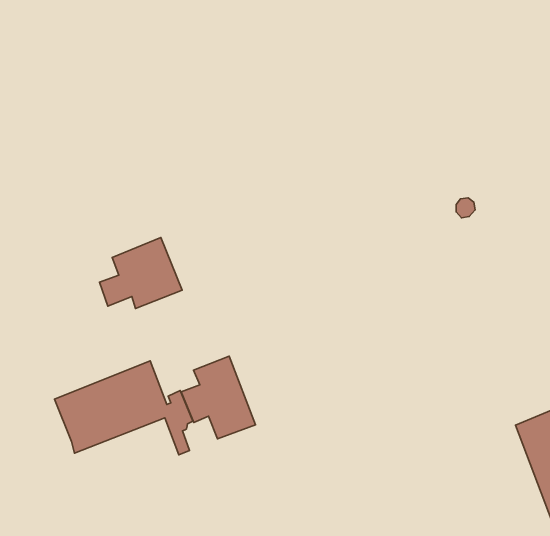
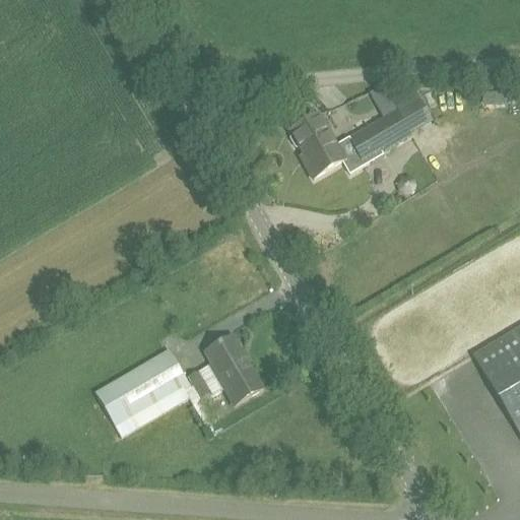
building: none -> [290,82,436,176]
building: [99,237,182,308] -> none

